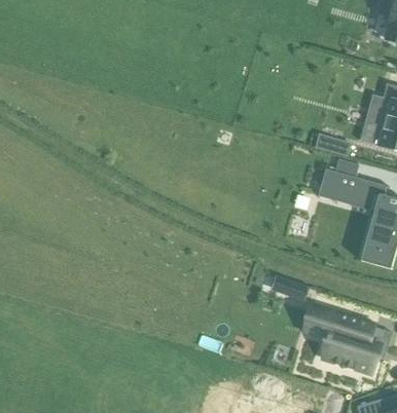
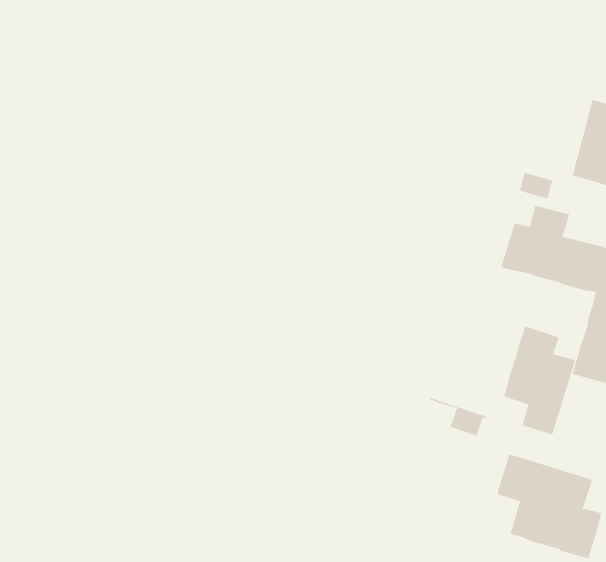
building: none -> [503,326,576,435]

